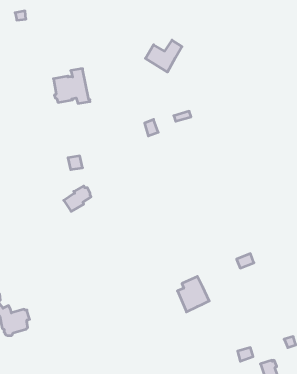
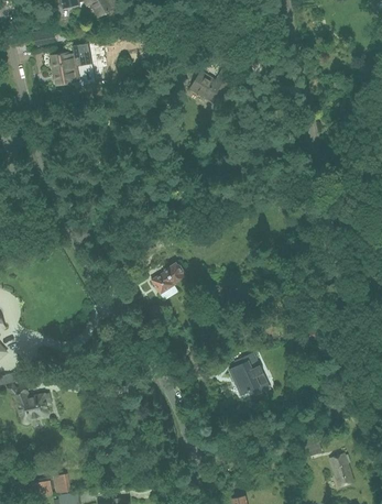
building: [53,69,90,103] -> [51,44,95,86]
building: [64,186,91,211] -> [151,263,184,294]

